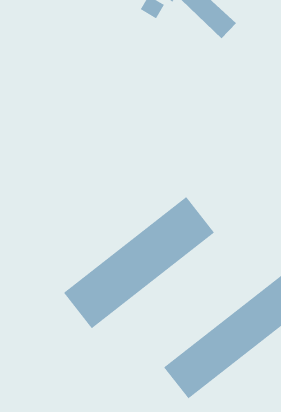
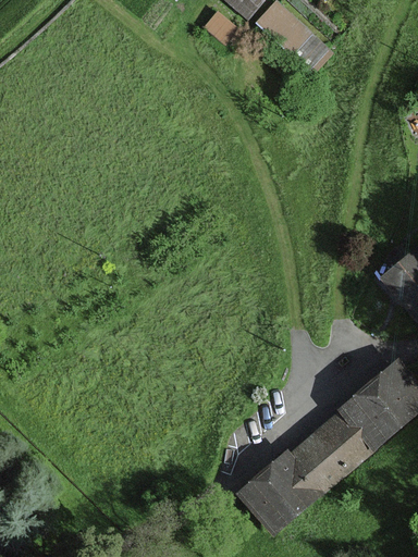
building: [63,196,215,329] -> none

